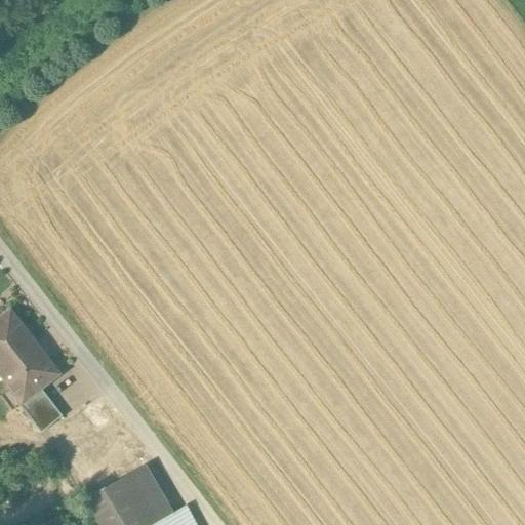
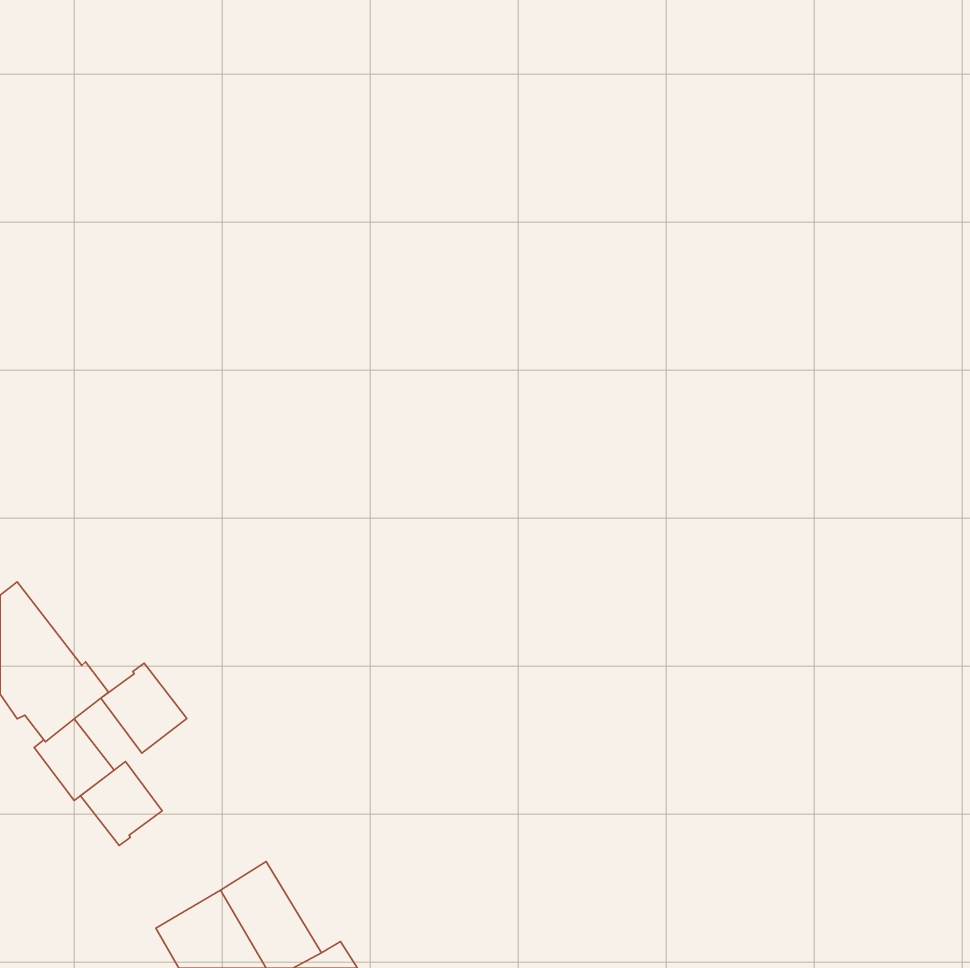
building: none -> [101,663,187,753]
building: none -> [81,761,162,846]

